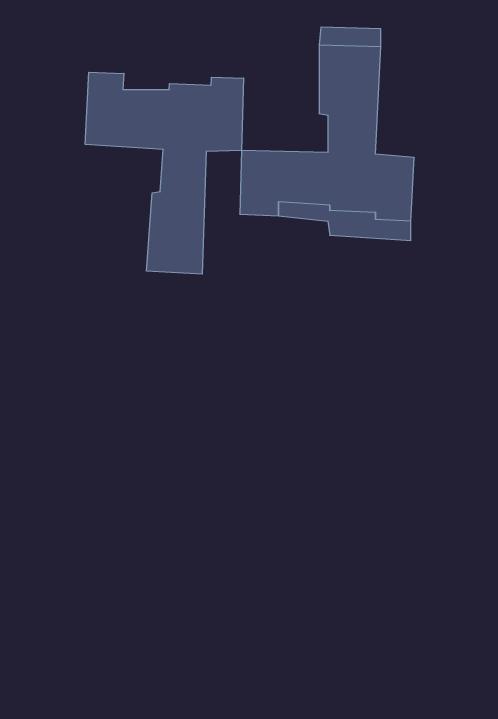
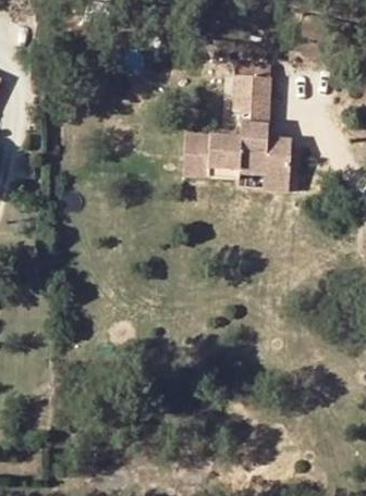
building: [85,72,244,274] -> none

